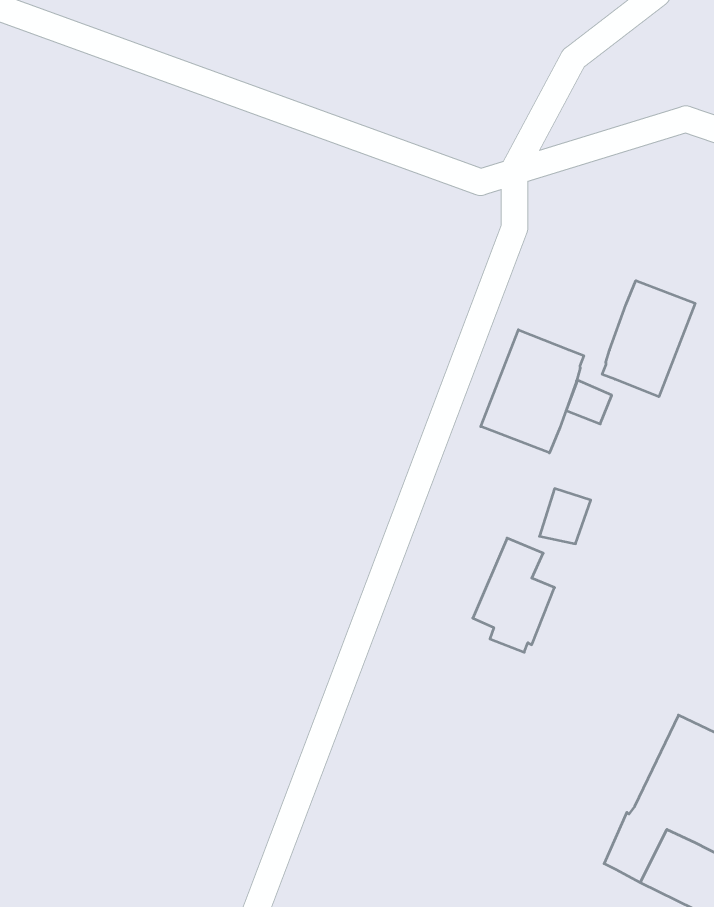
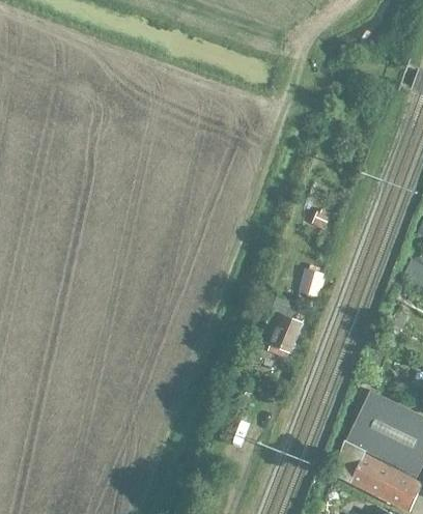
building: [602,281,695,397] -> none
building: [481,330,584,453] -> none

